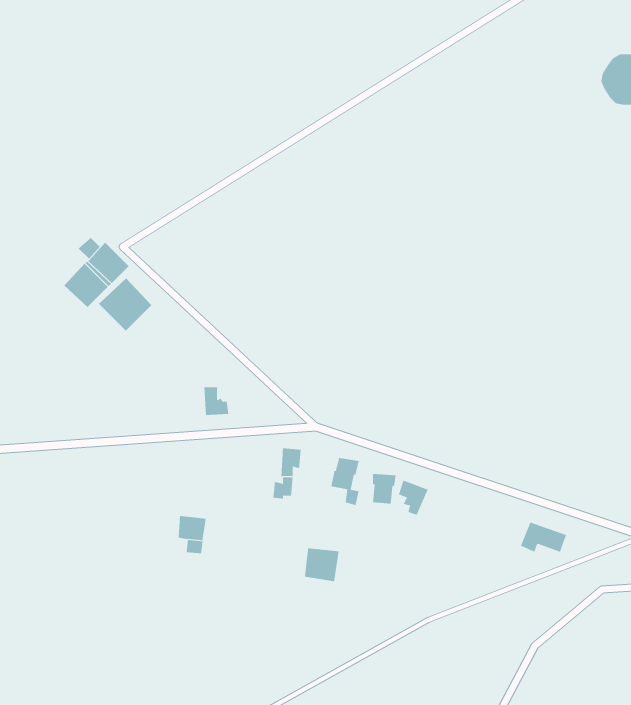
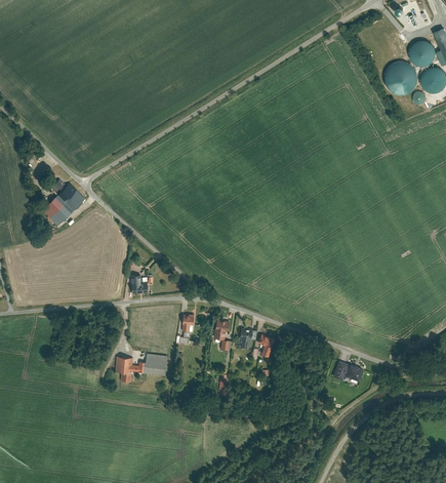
building: [98,277,152,332] -> none
building: [304,548,340,582] -> [146,354,168,375]

